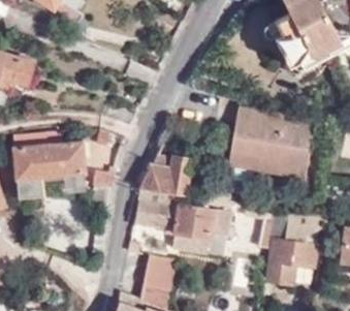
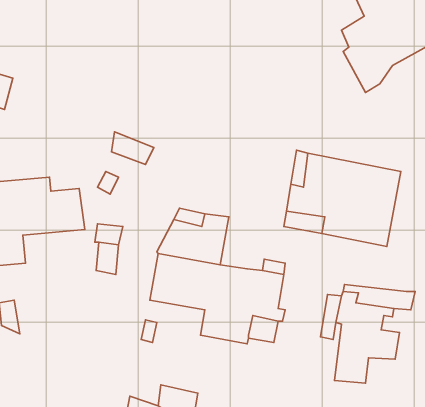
building: [142,255,174,291] -> none

